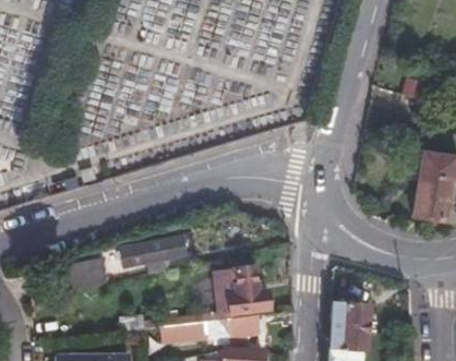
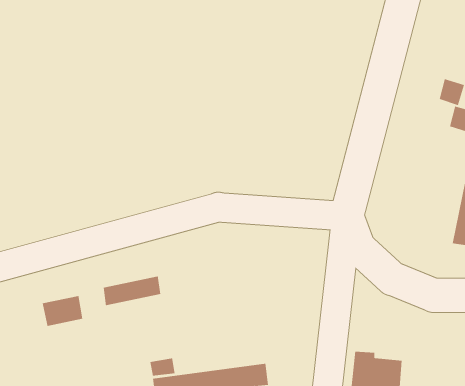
building: [223,268,266,313] -> none

